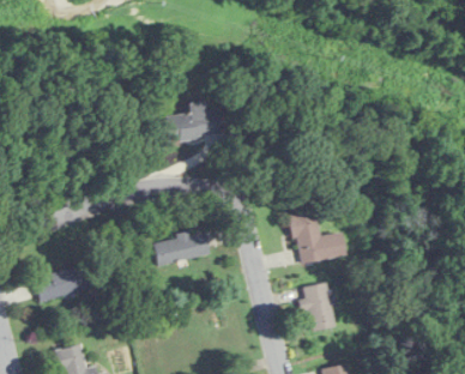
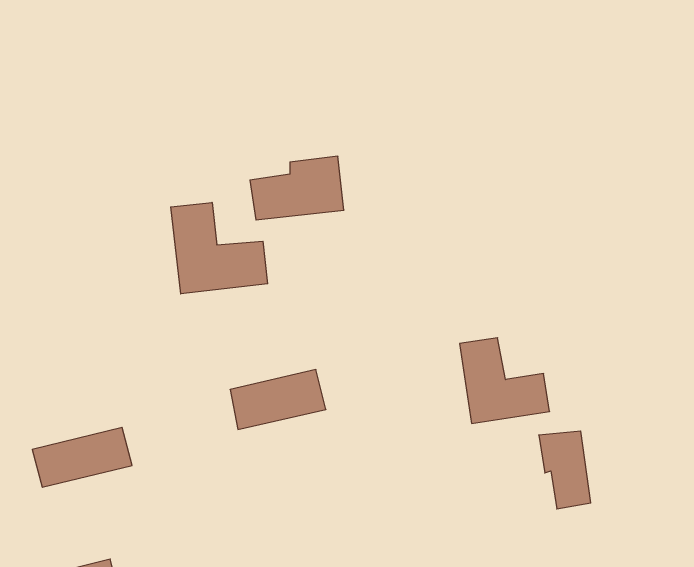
building: none -> [171,202,268,294]
building: [301,284,332,331] -> [539,431,591,509]

